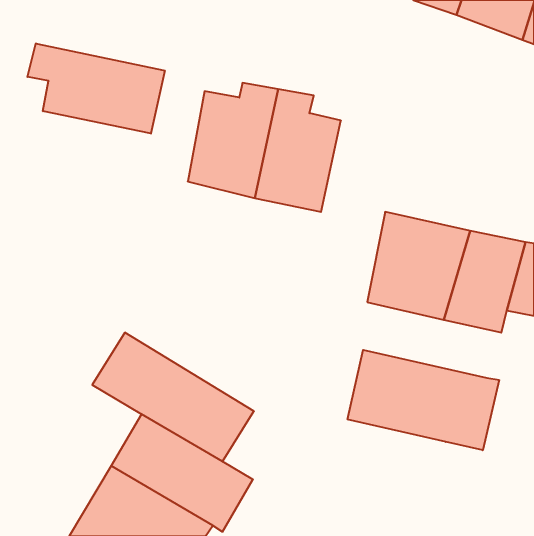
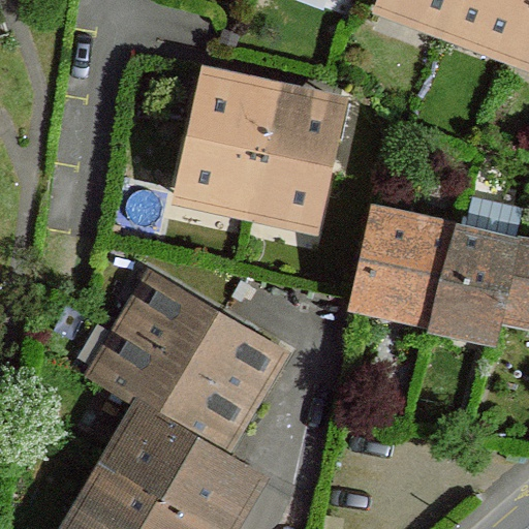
building: [27,43,165,134] -> none
building: none -> [123,279,280,405]
building: [348,350,499,450] -> none

